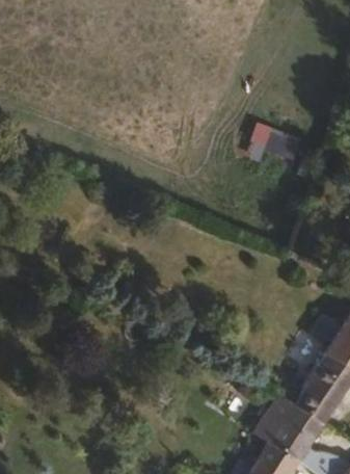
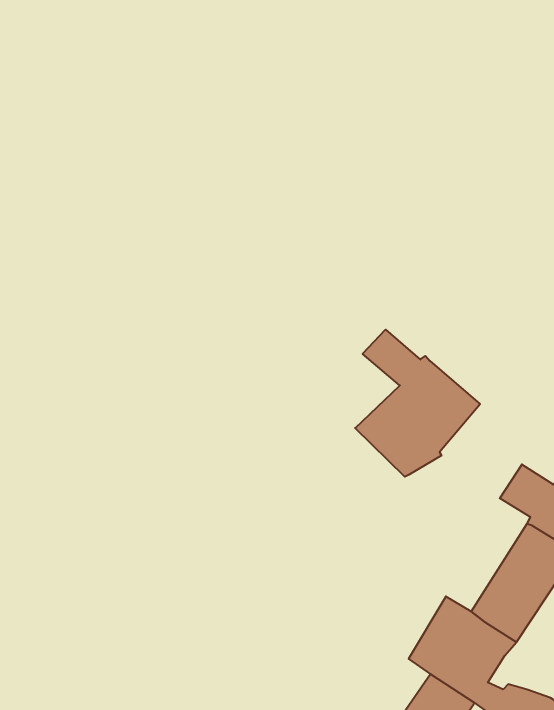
building: [249,126,294,158] -> none
building: none -> [355,330,480,477]

